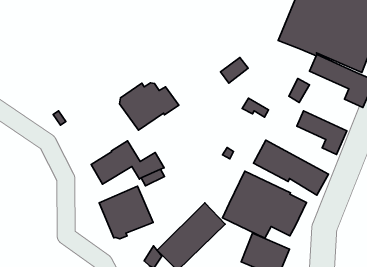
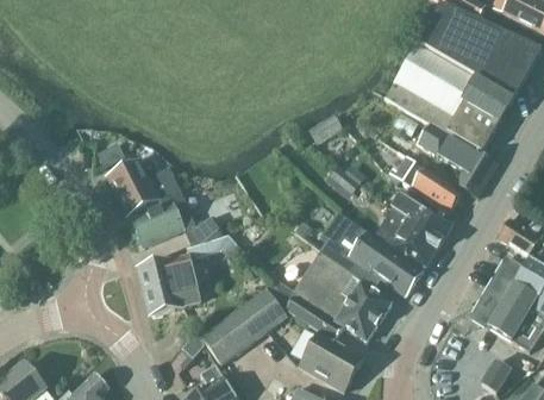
building: [119,83,179,130] -> [107,158,180,215]
building: none -> [402,161,462,212]
building: none -> [374,207,436,267]

